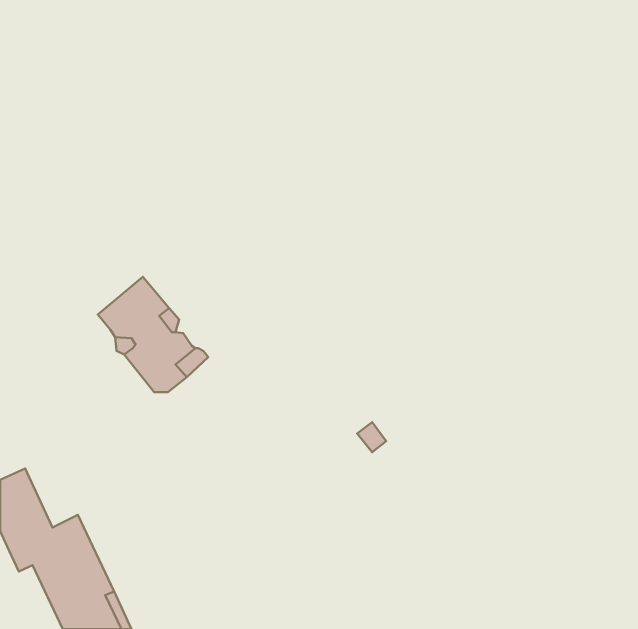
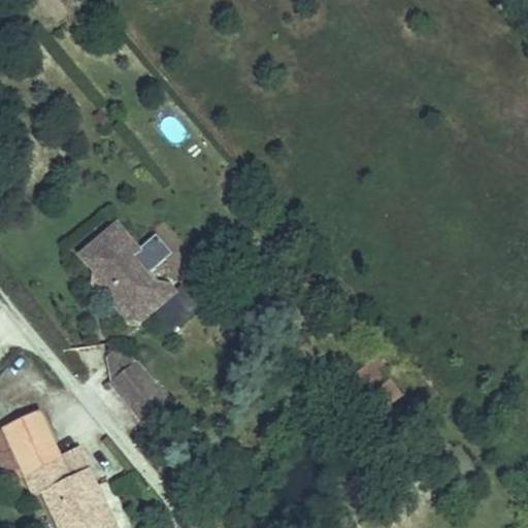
building: none -> [111,361,170,422]

